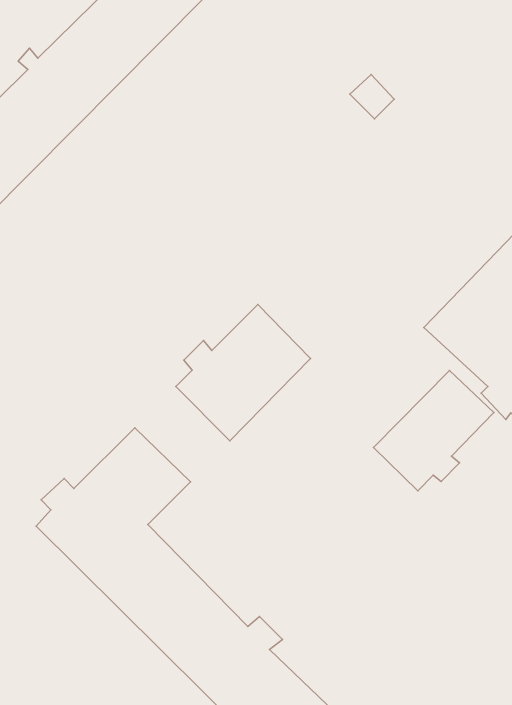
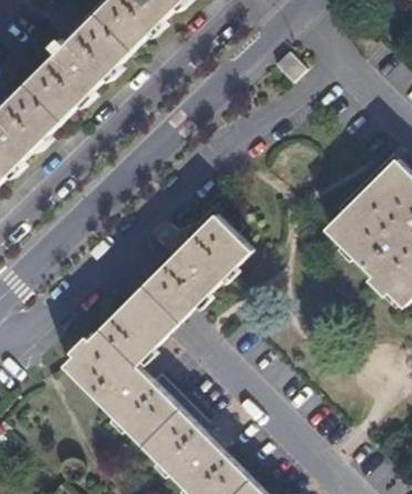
building: [373,371,494,491] -> none
building: none -> [130,270,195,335]

